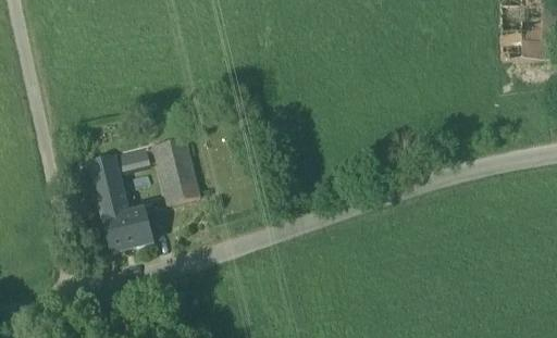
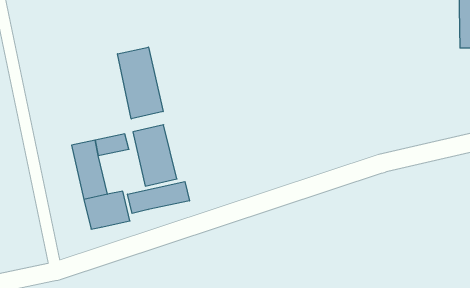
building: none -> [118,47,163,119]
building: none -> [128,182,189,213]

